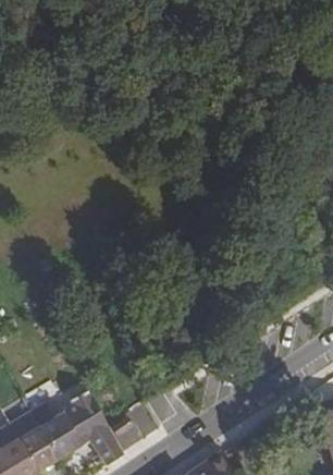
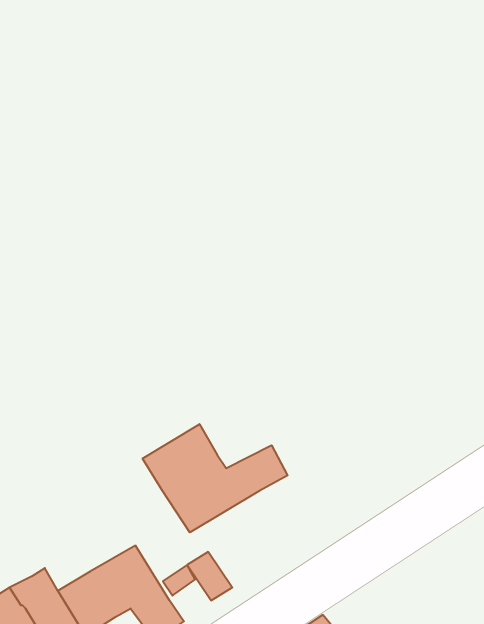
building: none -> [143,424,288,532]

